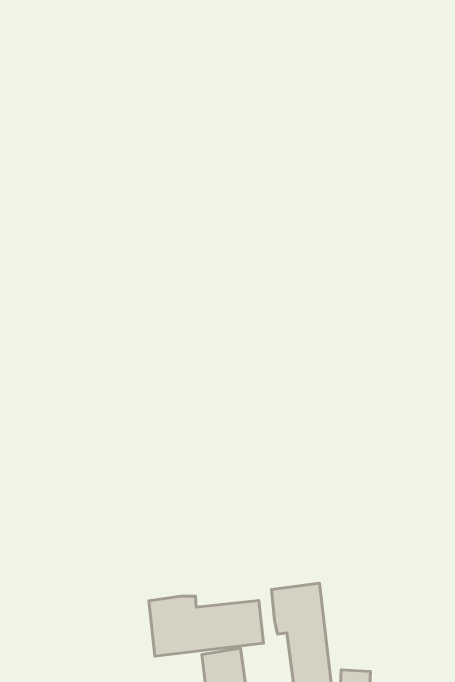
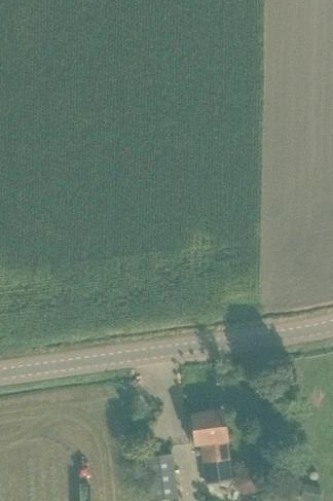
building: [149,596,263,656] -> none

